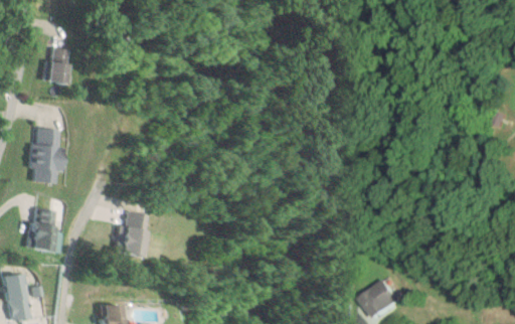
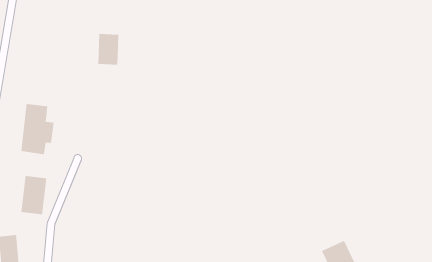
building: [47,48,71,84] -> [98,34,119,65]
building: [121,211,149,259] -> none

